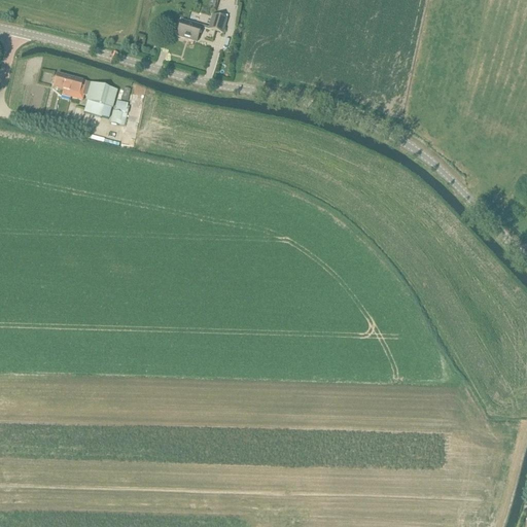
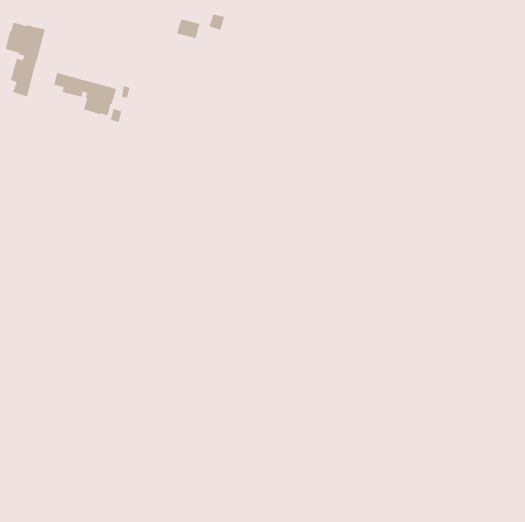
building: none -> [5,22,46,97]

